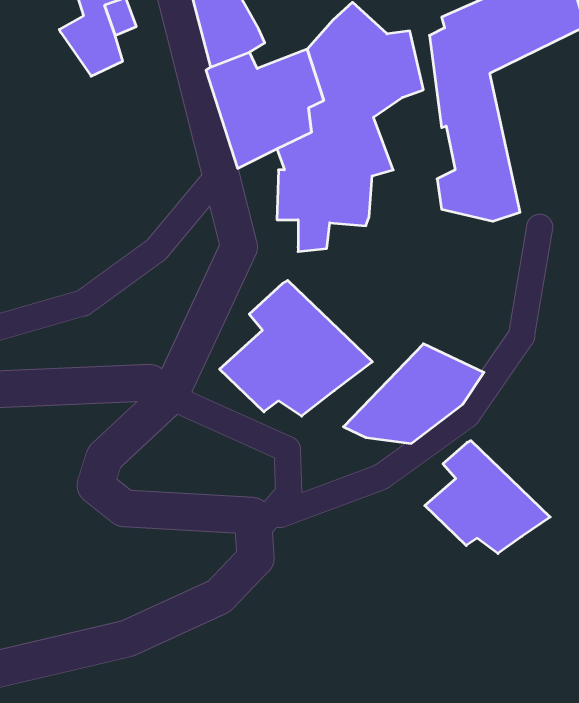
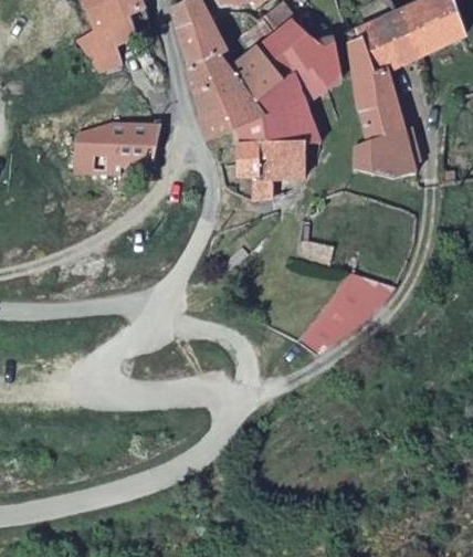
building: none -> [77,122,156,172]
building: [220,280,372,416] -> none
building: [425,441,550,554] -> none

